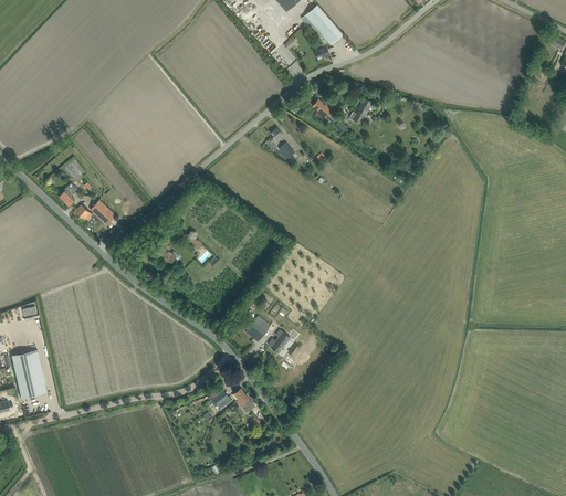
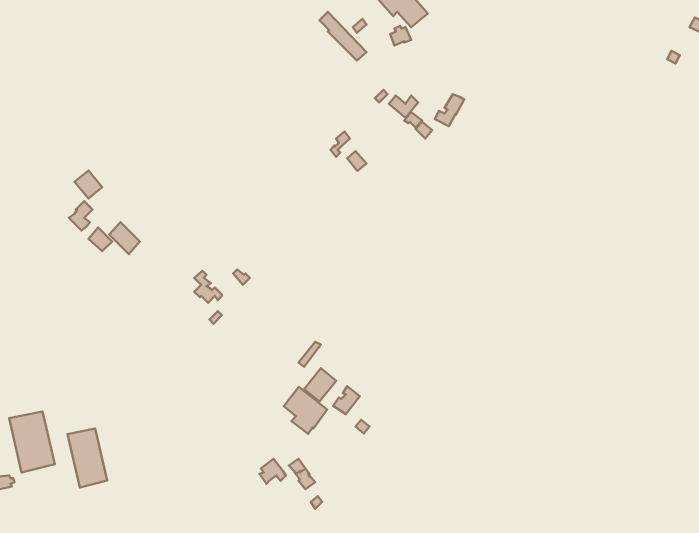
building: none -> [284,387,327,434]
building: none -> [68,428,107,487]

